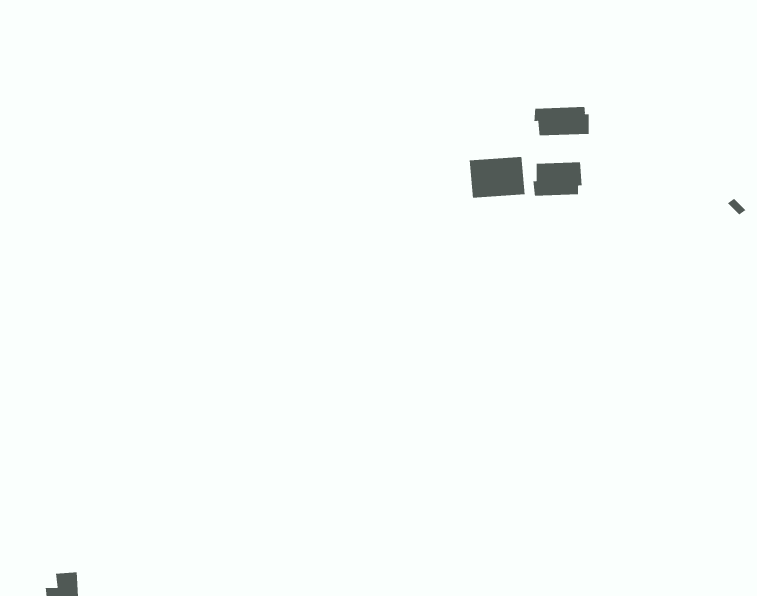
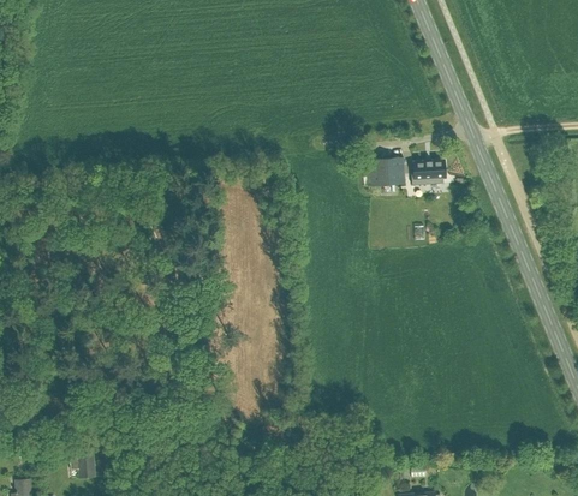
building: [534,106,589,136] -> none

